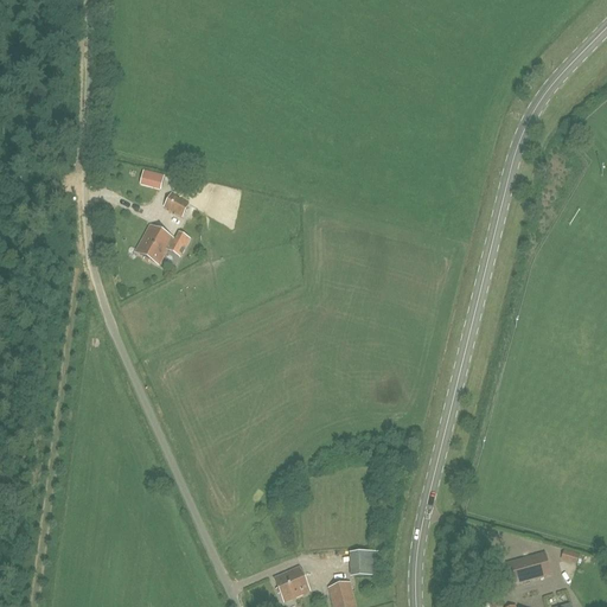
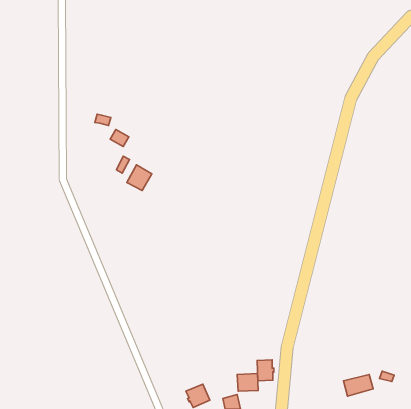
building: [135,225,172,263] -> [127,165,152,191]
building: none -> [257,360,274,381]

